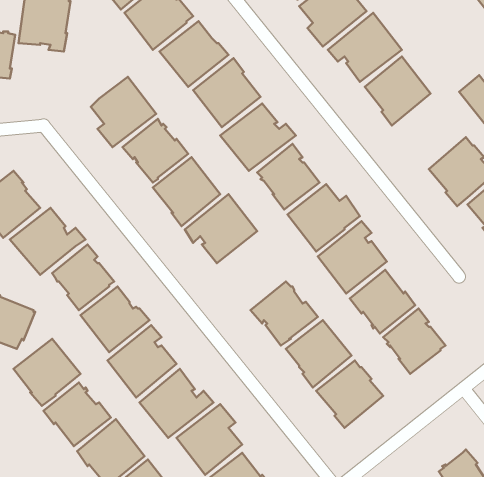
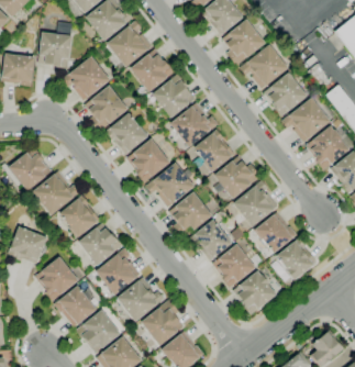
building: none -> [62,56,110,101]
building: none -> [281,98,330,143]
building: none -> [168,192,212,238]

